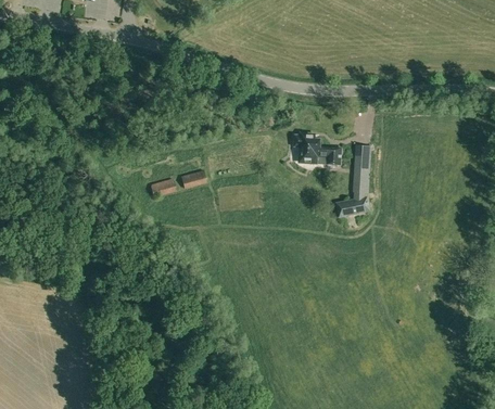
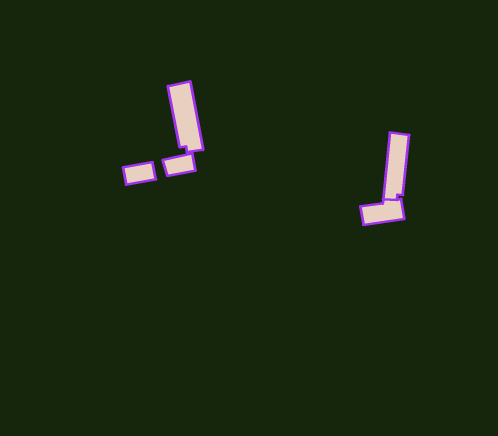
building: none -> [168,81,203,152]
building: [295,135,342,165] -> none

